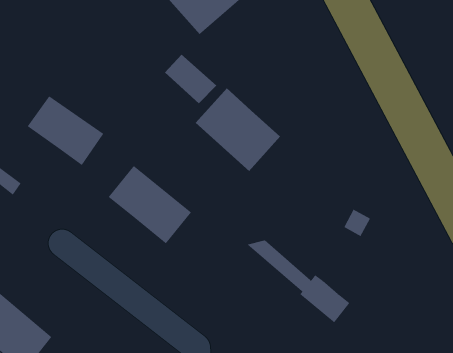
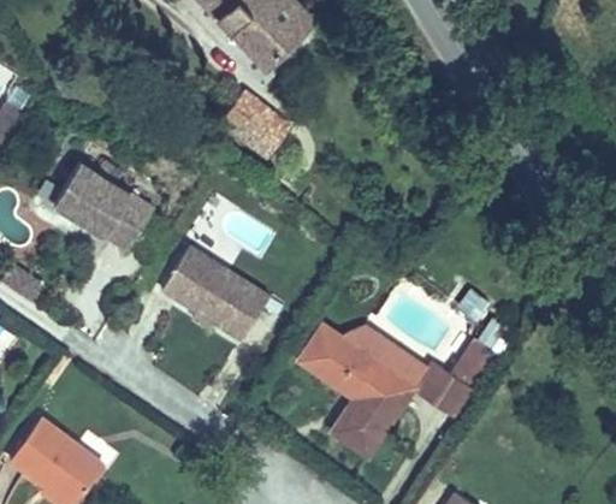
building: [195,87,281,172] -> none
building: none -> [292,319,417,459]
building: none -> [444,332,496,389]

